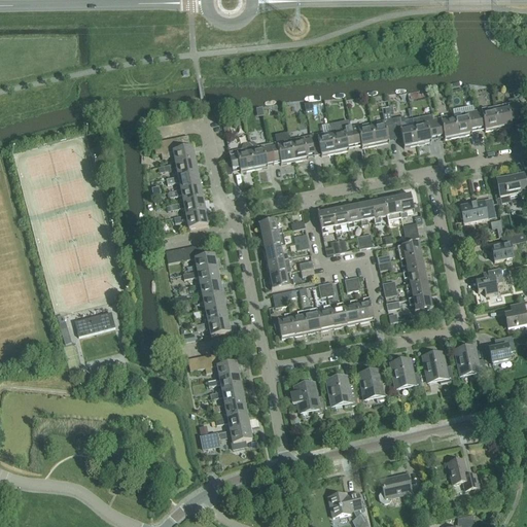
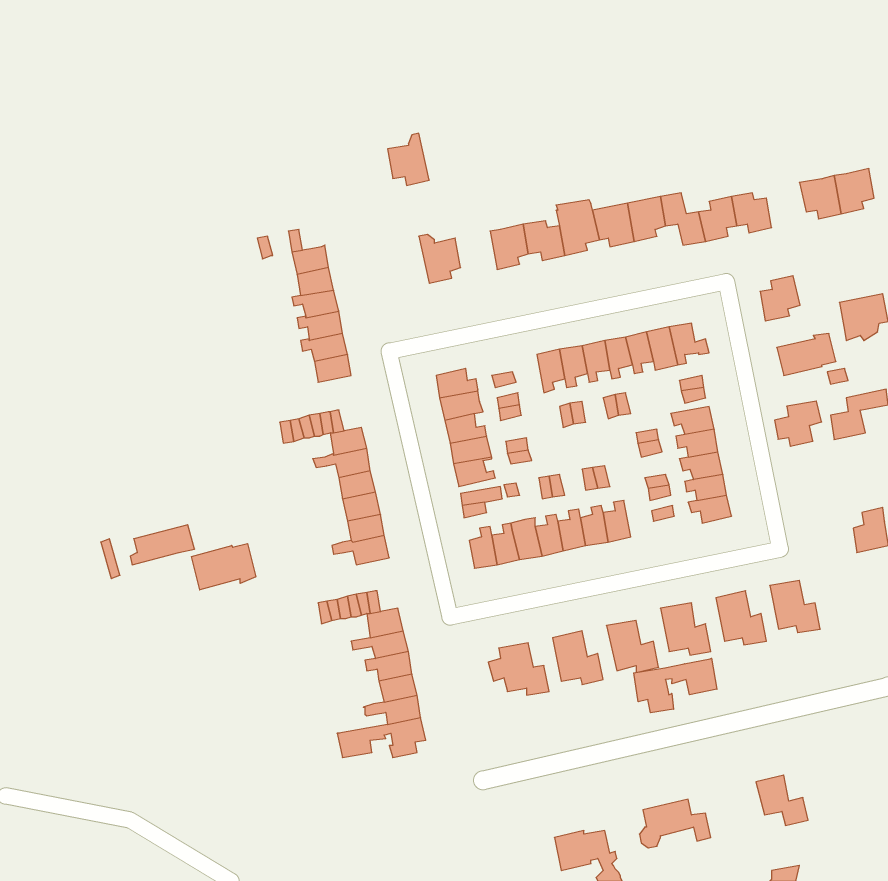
building: [454,108,478,135] -> [760,276,800,321]
building: [270,130,294,163] -> none
building: [230,140,254,171] -> [388,133,429,185]
building: [476,268,503,294] -> [775,401,822,446]
building: none -> [191,544,256,590]
building: [489,335,515,361] -> none
building: none -> [634,658,717,713]

